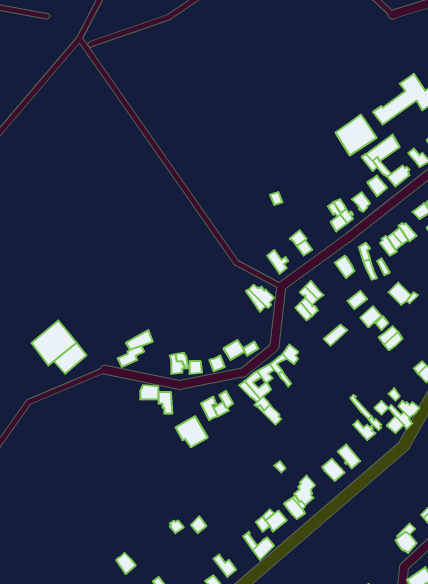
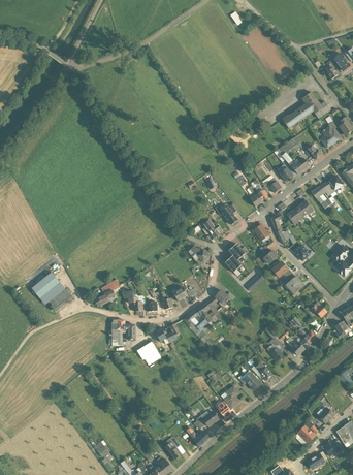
building: [335,115,377,156] -> none

